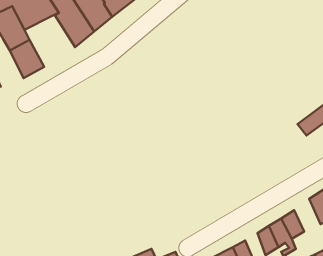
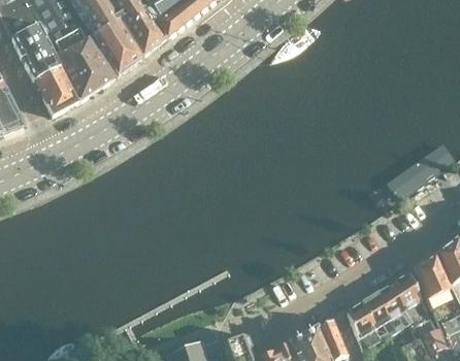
building: none -> [54,39,113,103]
building: none -> [393,273,421,322]

